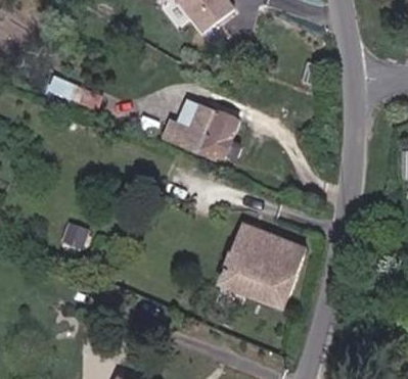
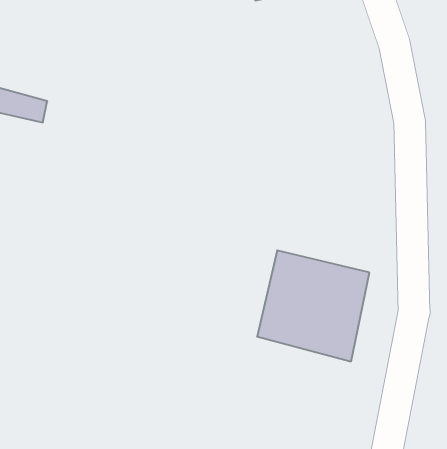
building: [157,102,238,156] -> none

